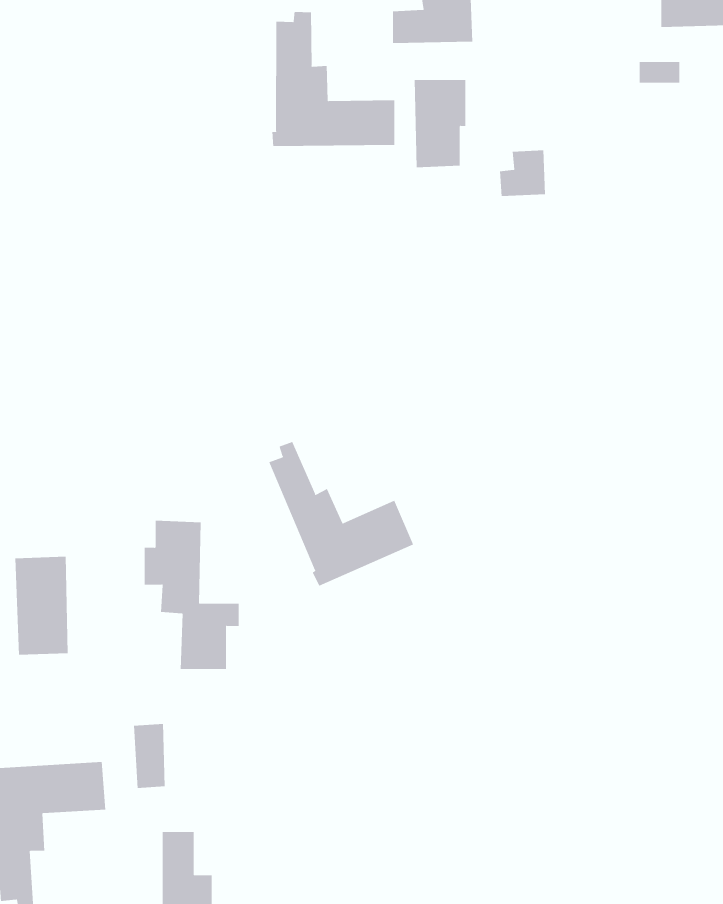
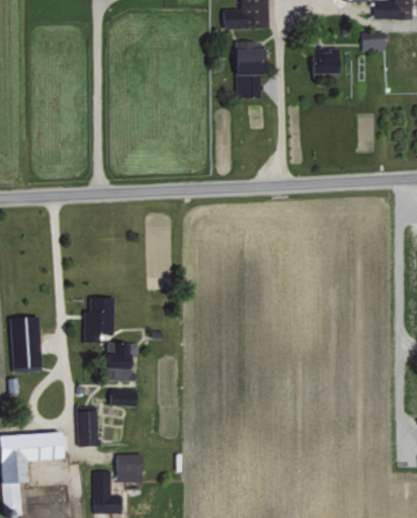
building: [272,11,395,147] -> none
building: [499,150,546,196] -> [313,49,339,75]
building: [269,441,414,587] -> none
building: none -> [117,462,143,482]

